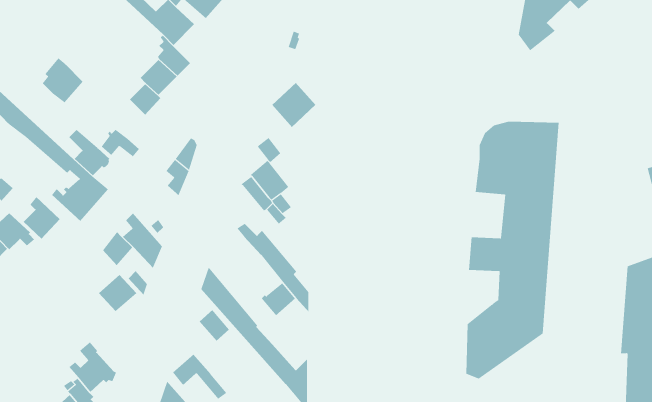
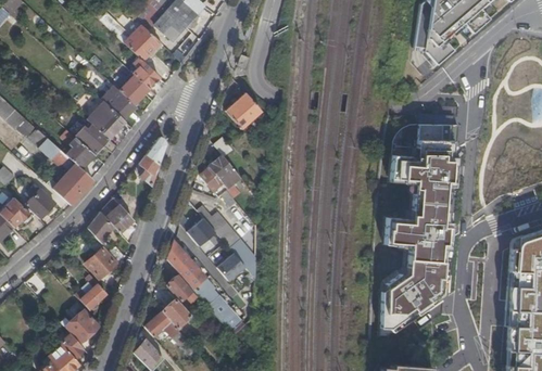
building: [42,58,84,103] -> [90,101,124,138]
building: none -> [187,217,216,245]
building: none -> [76,274,106,309]
building: none -> [162,298,191,328]

